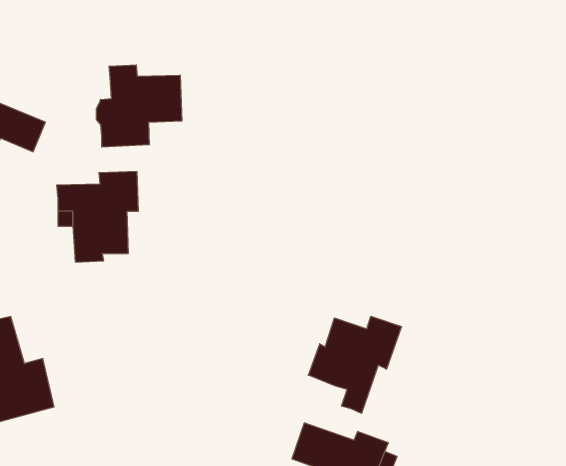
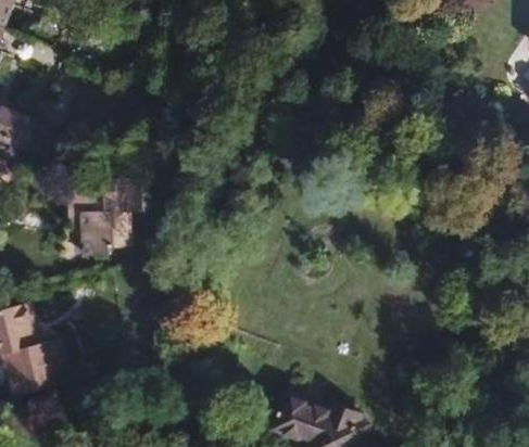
building: [97,65,182,147] -> none
building: [308,316,401,413] -> none

